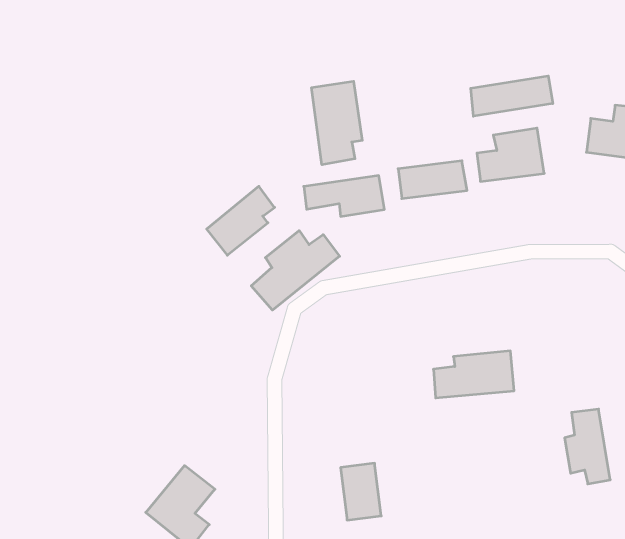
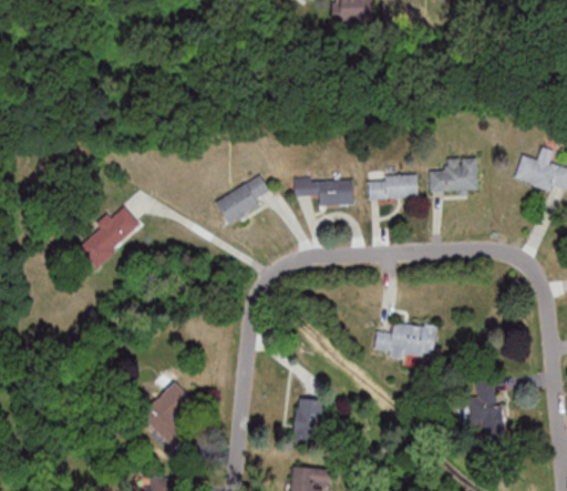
building: [471,76,553,116] -> none
building: [312,81,362,165] -> none
building: [251,231,340,310] -> none
building: none -> [78,204,143,267]

